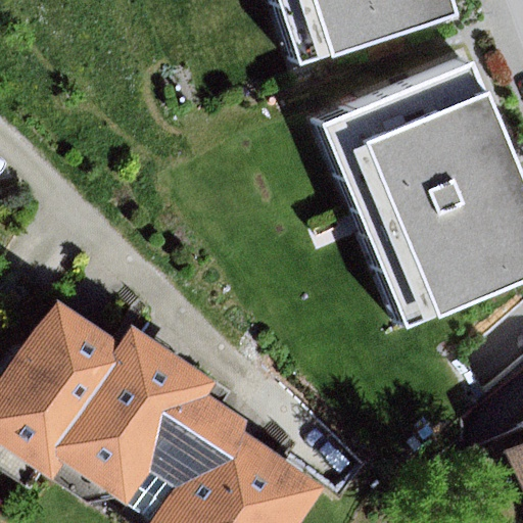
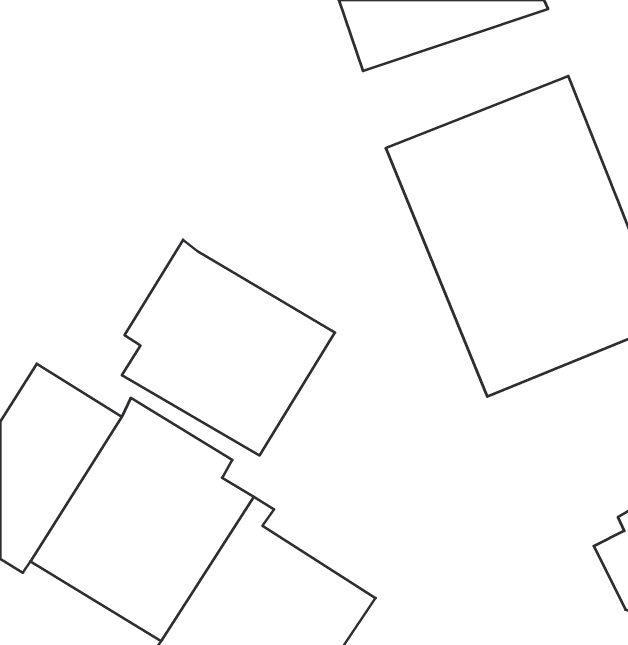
building: none -> [122,240,335,455]

